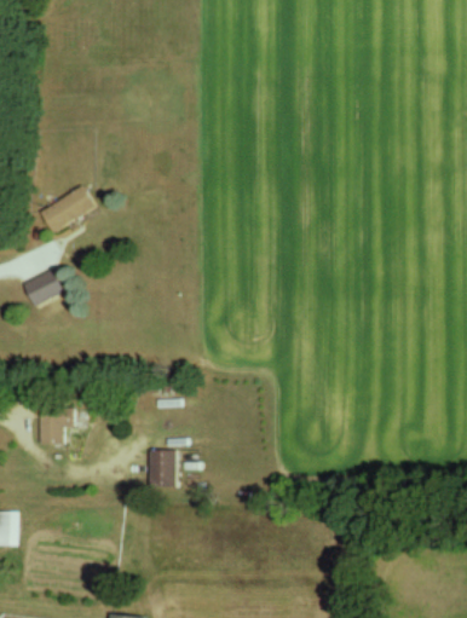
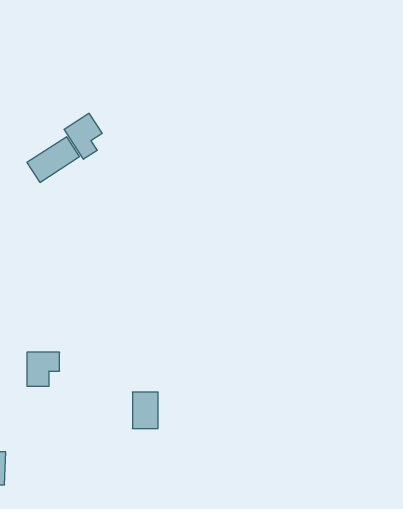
building: none -> [64,113,102,159]
building: [23,270,62,306] -> none

